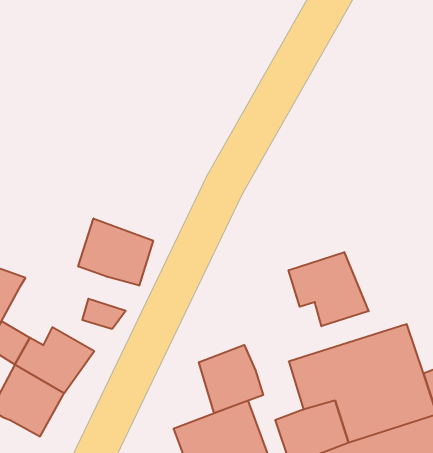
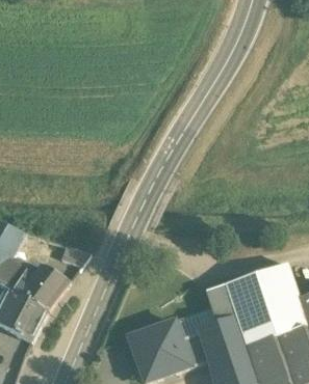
building: [78,218,153,286] -> none
building: [289,252,369,326] -> none
building: [199,345,263,413] -> none

